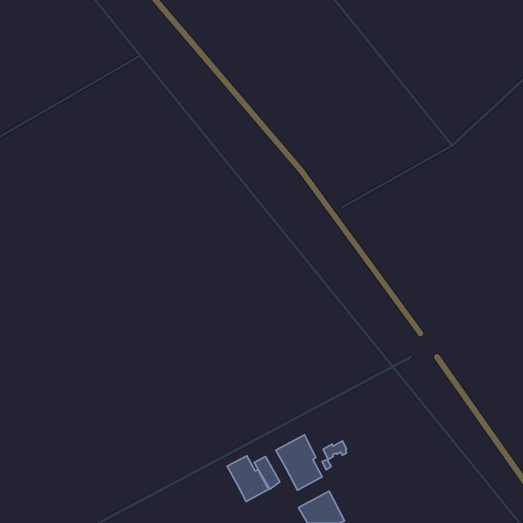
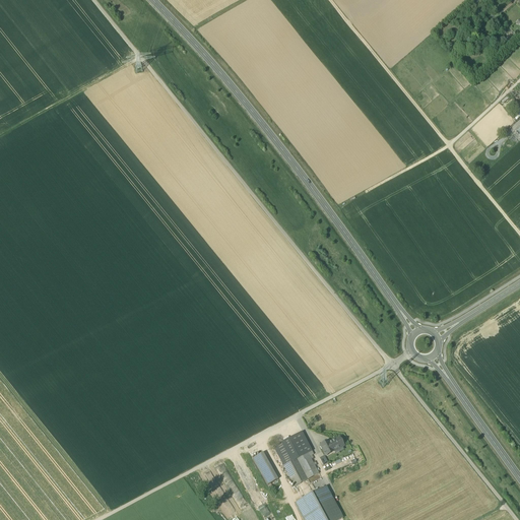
building: [227,456,269,501] -> none

